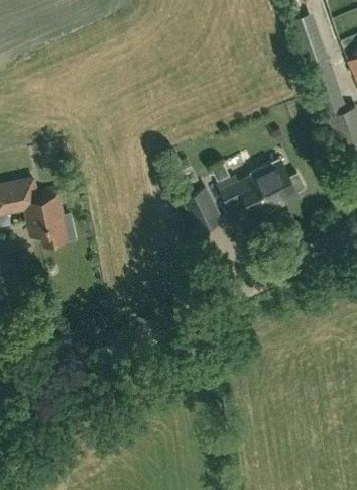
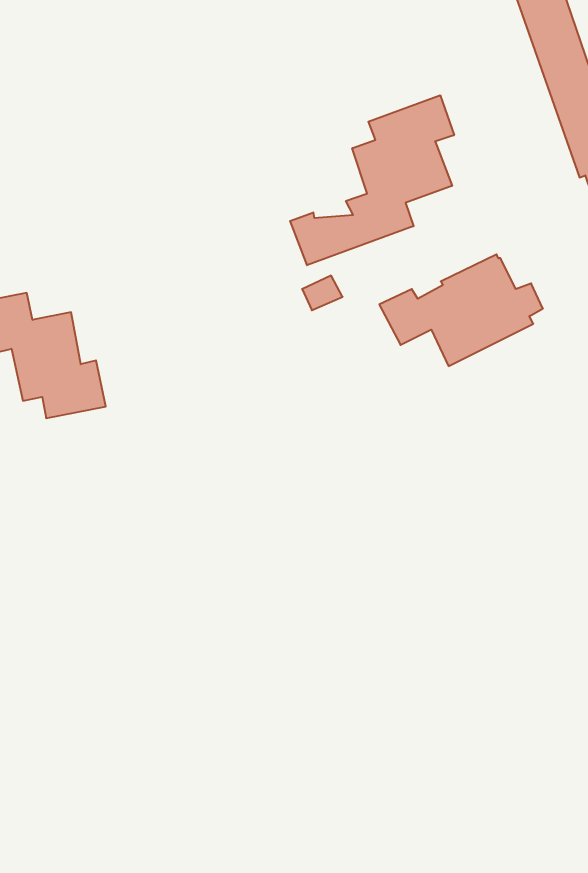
building: none -> [290,95,454,265]
building: [184,188,222,231] -> none

